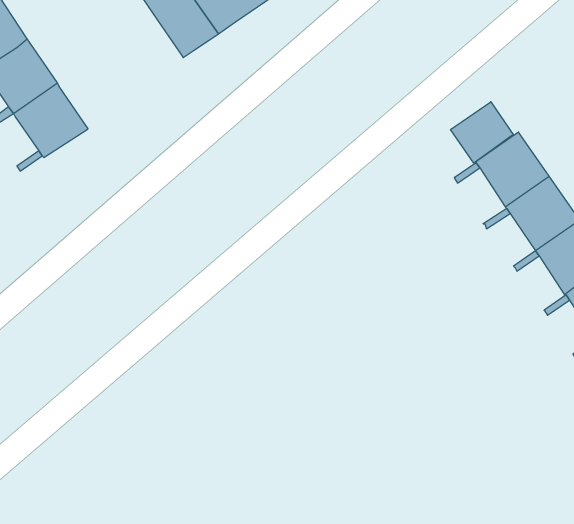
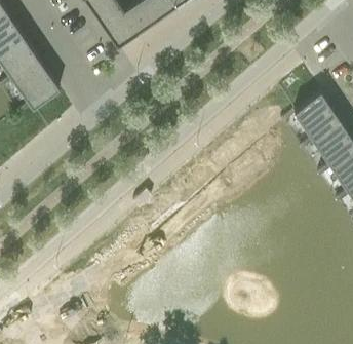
building: [451,102,514,163] -> none

